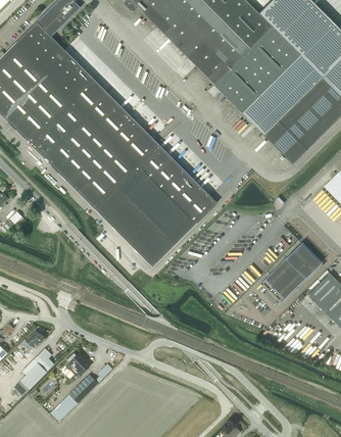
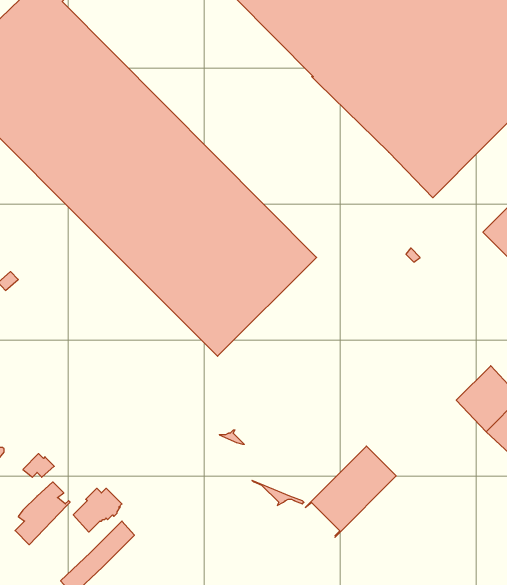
building: [261,243,321,302] -> [305,446,396,537]

